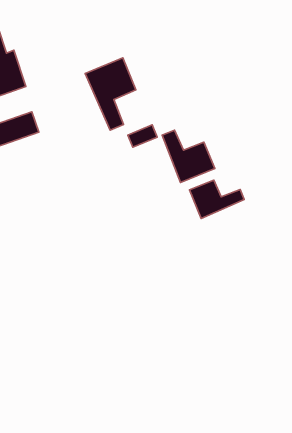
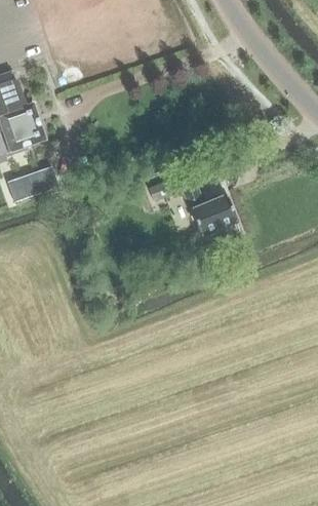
building: [85,58,136,130] -> none
building: [190,180,244,218] -> none

